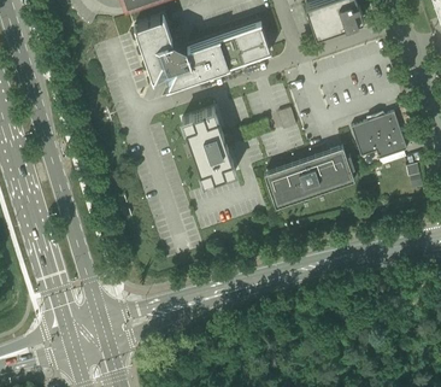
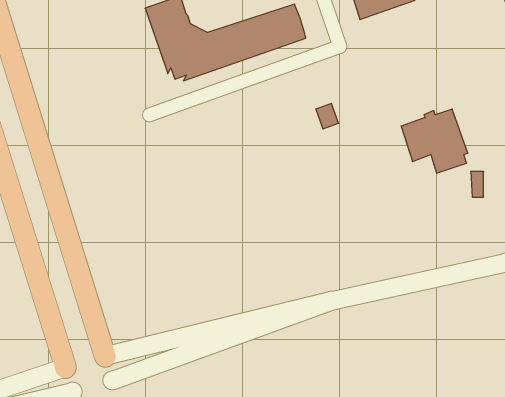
building: [182,111,236,186] -> none
building: [269,151,349,204] -> none

